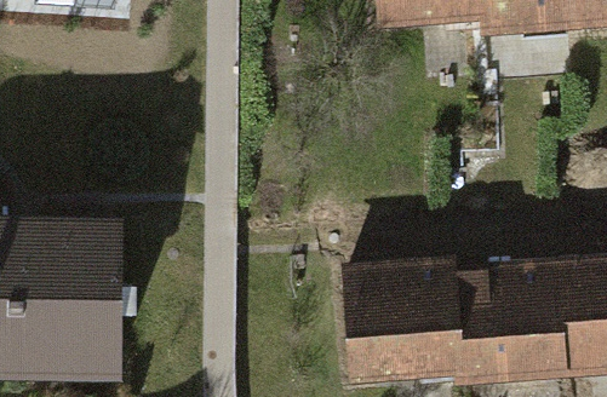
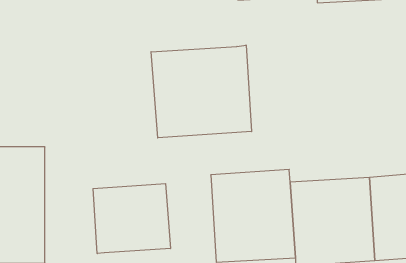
building: none -> [151,45,252,138]
building: none -> [93,184,170,254]

